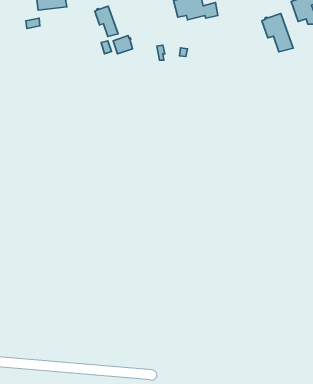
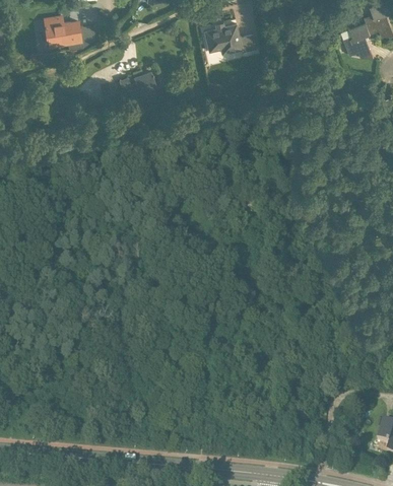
building: [95,6,118,36] -> none
building: [262,14,293,52] -> none

